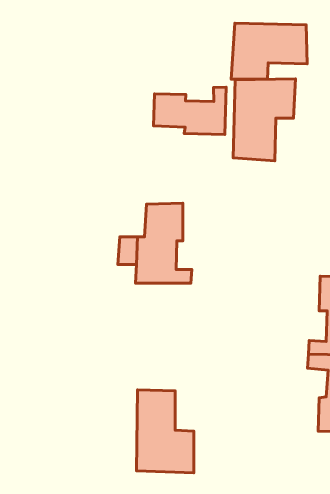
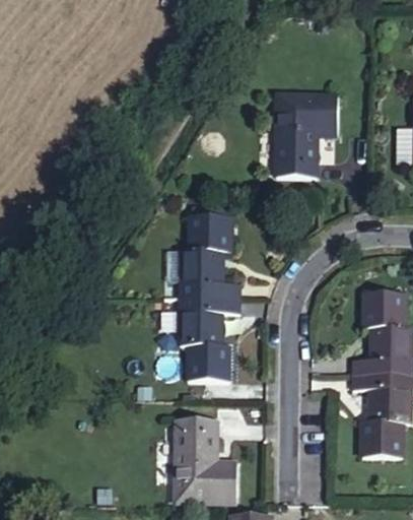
building: [231,23,307,79] -> none
building: [154,87,226,135] -> none
building: none -> [176,302,233,385]

